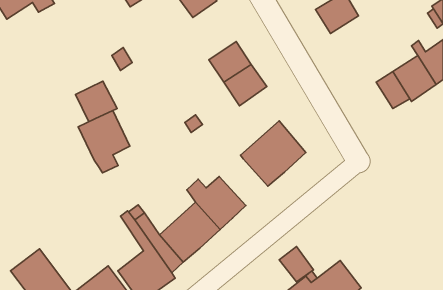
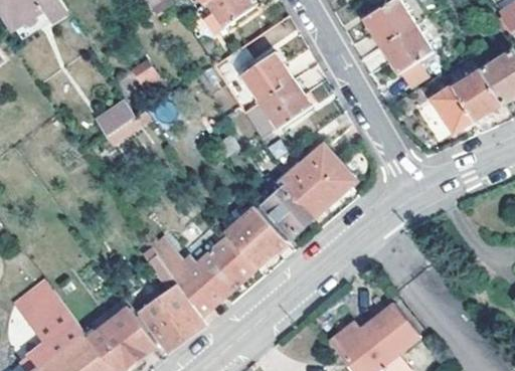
building: none -> [381,24,431,71]
building: [78,110,130,173] -> none
building: none -> [263,187,310,236]
building: [279,246,314,282] -> none

